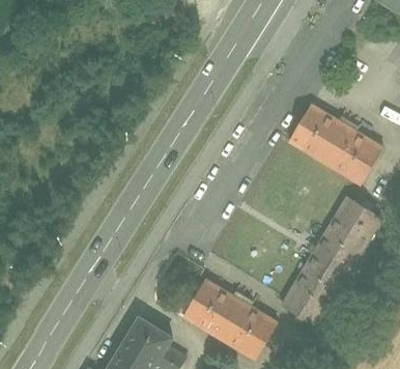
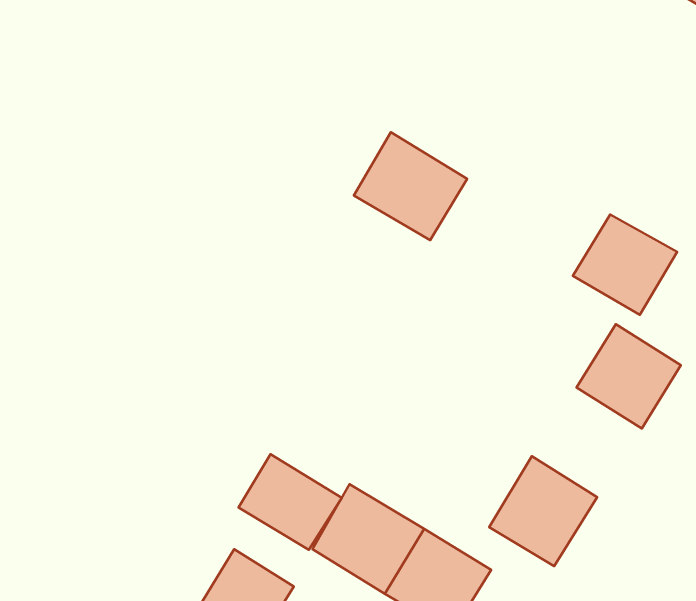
building: [285,104,348,164] -> [354,132,467,240]
building: [305,226,366,287] -> none
building: none -> [238,454,342,550]

